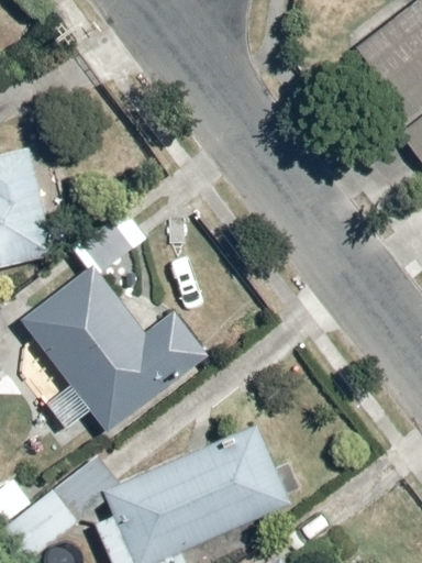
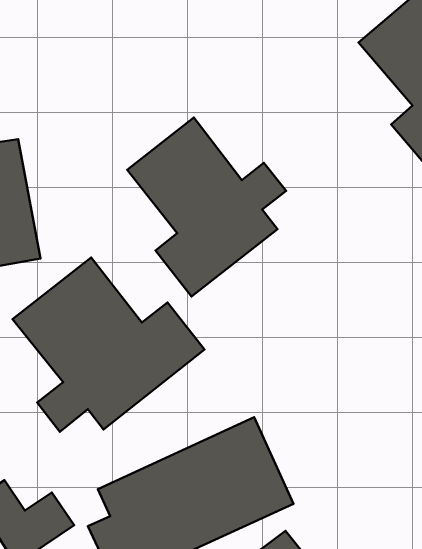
building: none -> [127,118,286,297]

